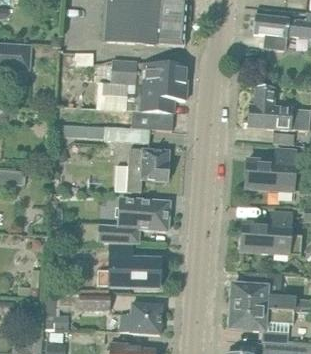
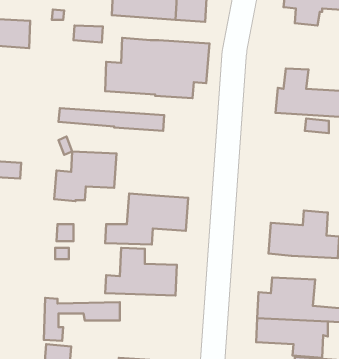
building: [132,111,174,130] -> none
building: [114,148,169,192] -> [54,151,117,201]
building: [245,149,297,191] -> none
building: [119,302,163,334] -> none

